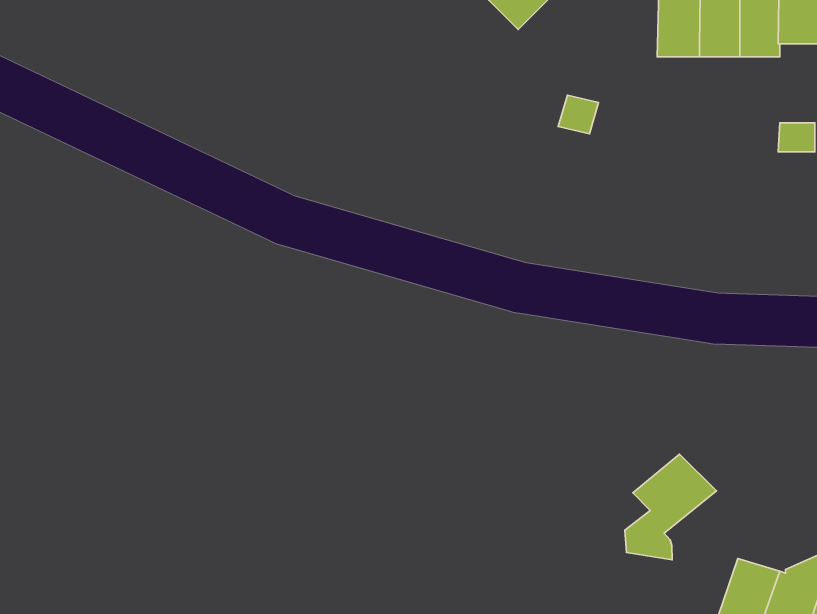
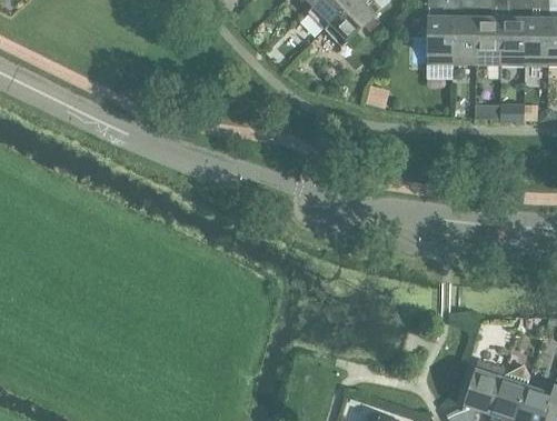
building: [625,454,717,560] -> none

